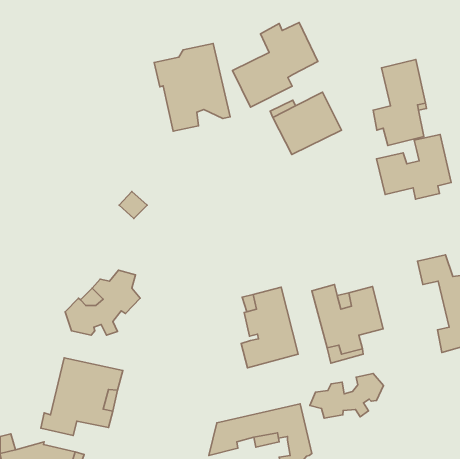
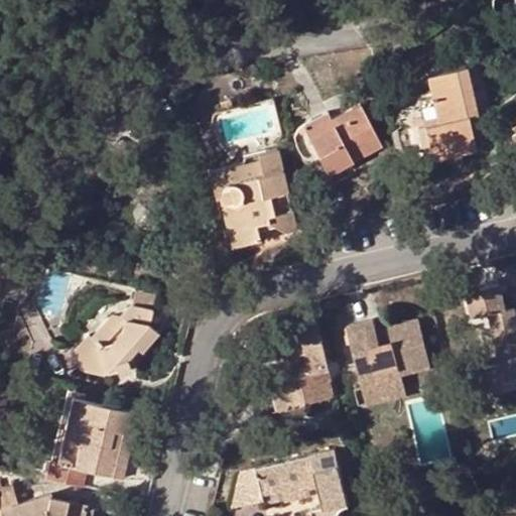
building: [232,23,318,107] -> none
building: [154,43,230,131] -> [212,151,296,249]
building: [376,135,451,199] -> none
building: [310,374,384,418] -> none

